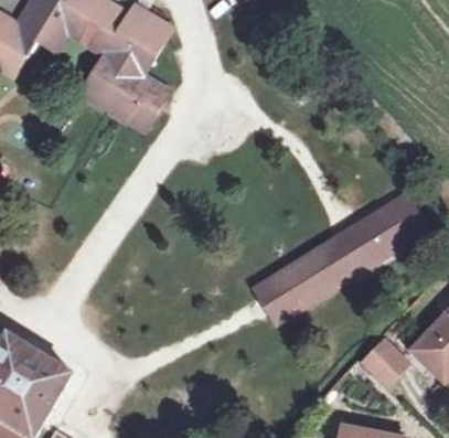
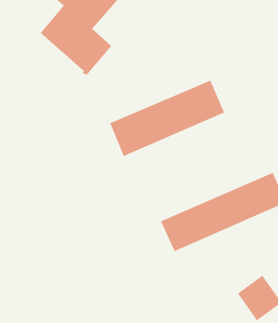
building: none -> [110,80,225,157]

